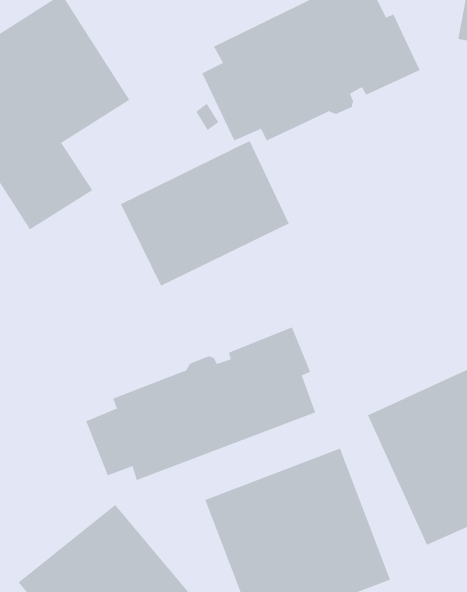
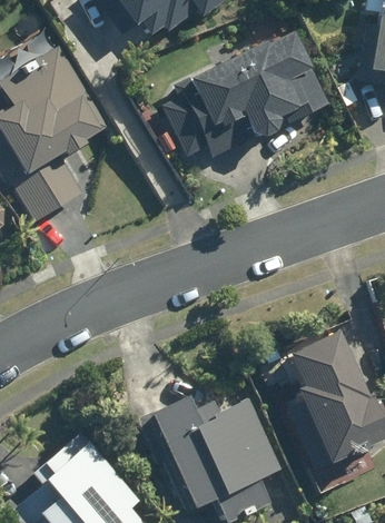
building: [120,140,290,286] -> none
building: [85,327,316,481] -> none

